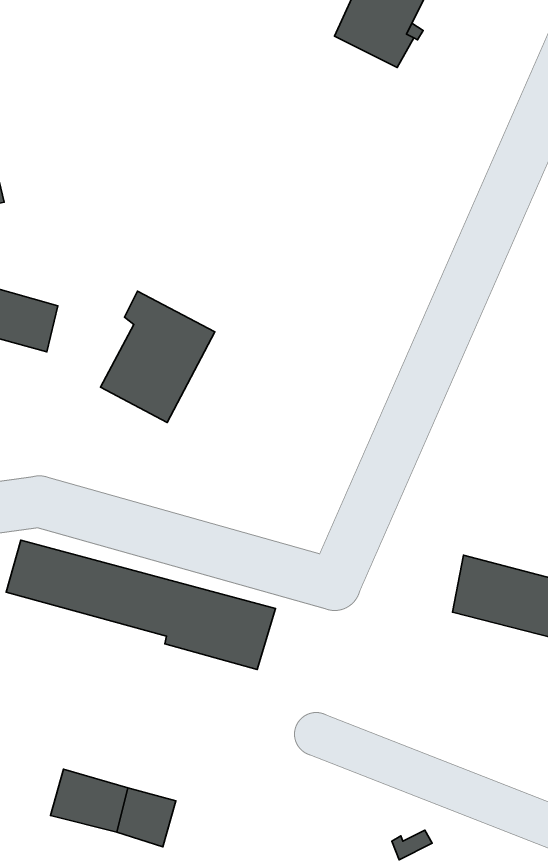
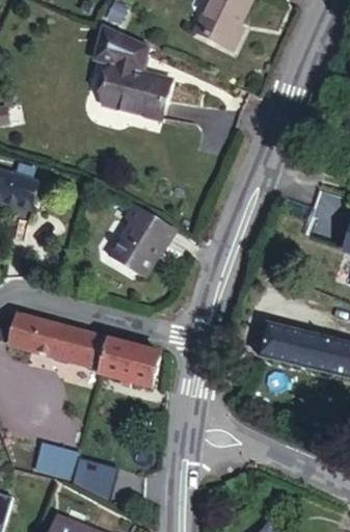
building: none -> [93,24,170,118]
building: [101,291,215,422] -> [108,205,172,278]

